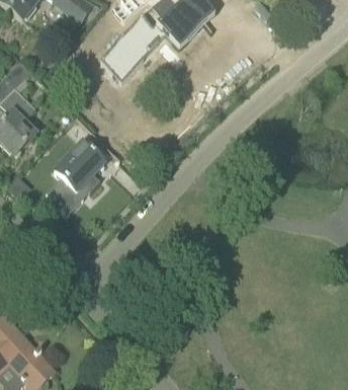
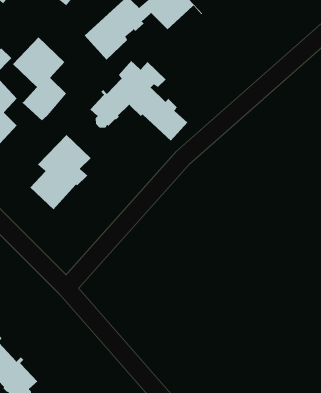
building: none -> [12,37,67,121]
building: none -> [89,60,188,141]

